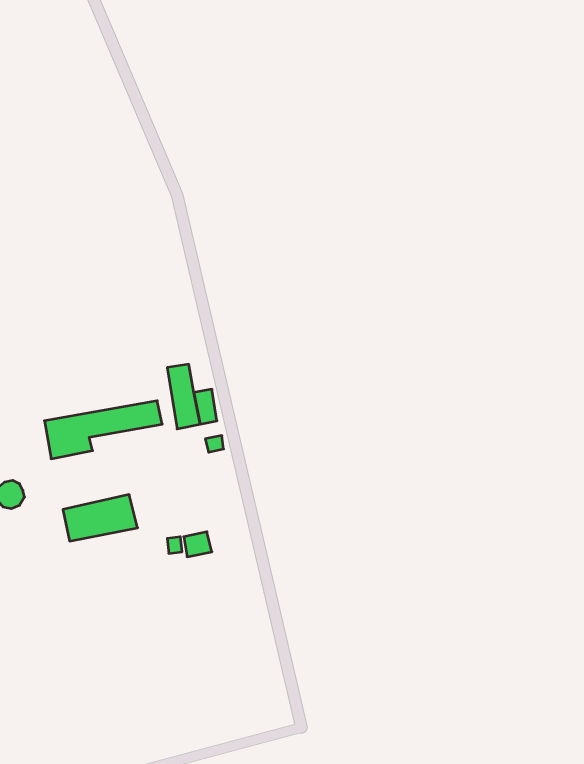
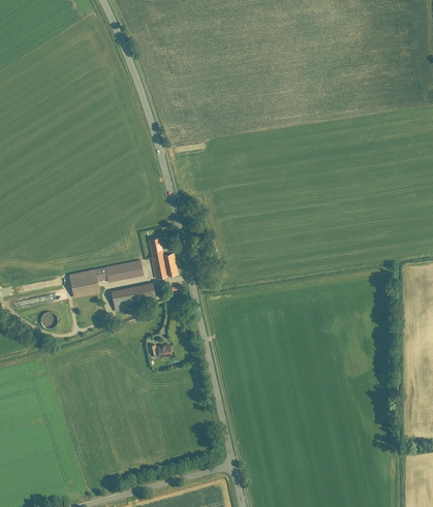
building: [63,495,138,541] -> [112,281,158,310]

